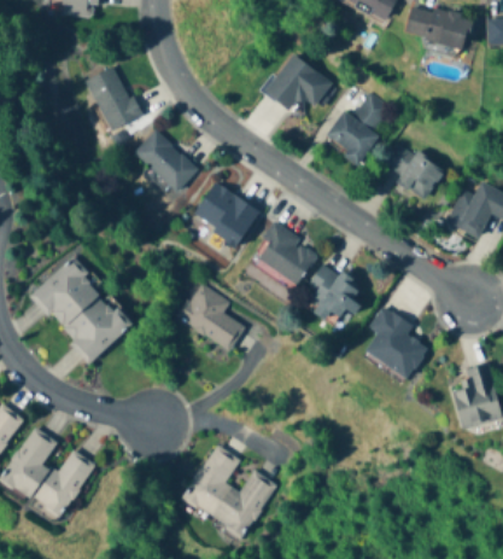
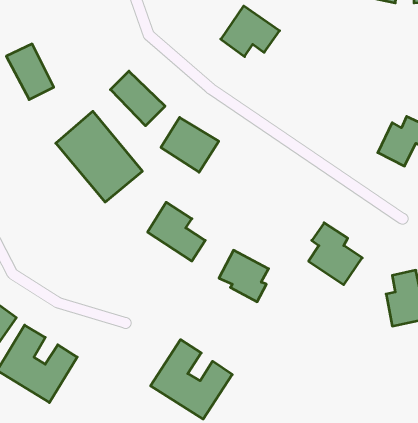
building: [86,65,141,130] -> [6,44,54,100]
building: [323,93,390,165] -> none
building: [384,144,443,200] -> none
building: [252,223,318,286] -> none
building: [30,257,131,363] -> [56,111,142,202]
building: [305,264,363,325] -> [219,250,269,302]

